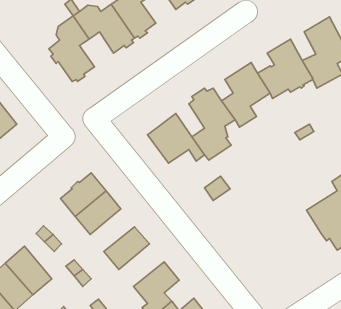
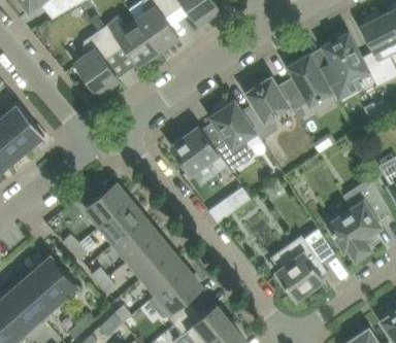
building: none -> [114,219,158,261]
building: none -> [272,230,335,301]
building: none -> [142,253,187,295]

